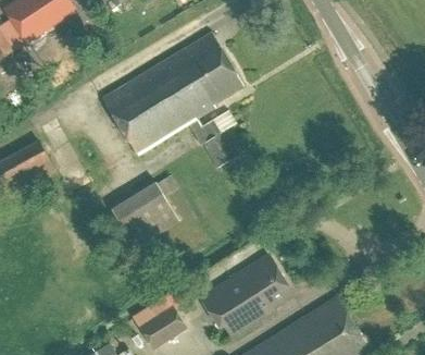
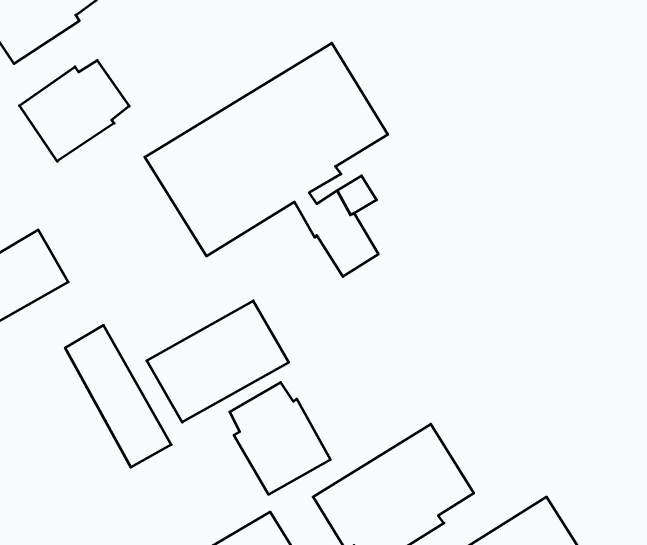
building: none -> [19,60,129,161]
building: none -> [65,325,171,467]
building: none -> [230,382,330,494]

